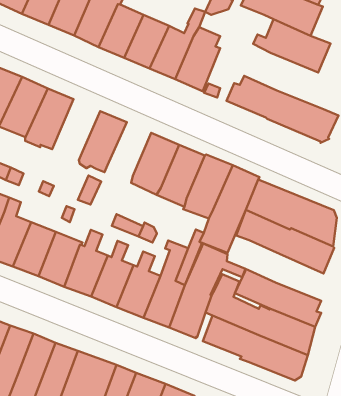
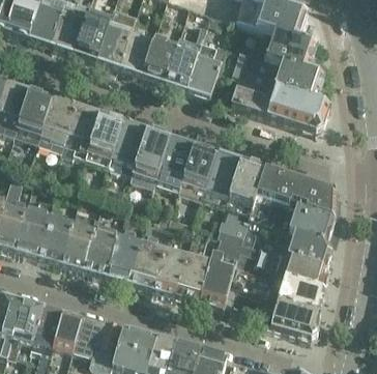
building: none -> [232,49,324,103]
building: none -> [86,113,124,165]
building: none -> [135,128,170,180]
building: none -> [244,218,332,267]

